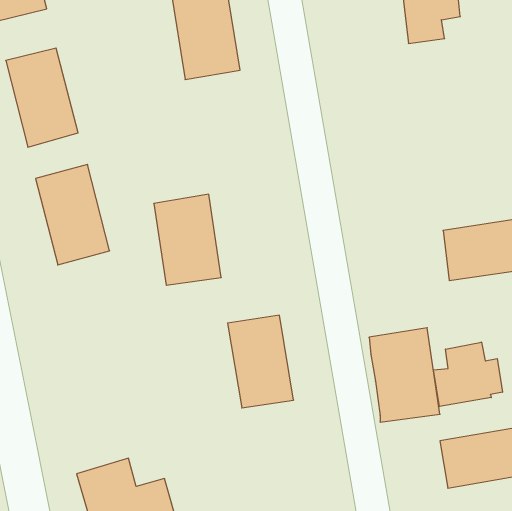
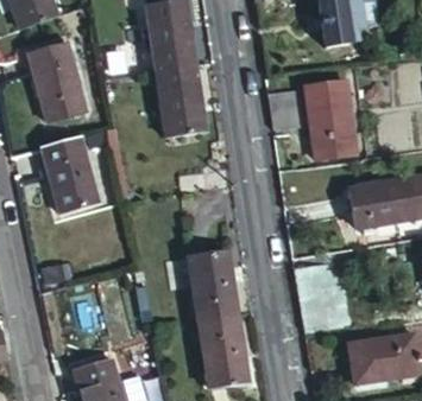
building: none -> [275,81,345,158]
building: [154,194,221,285] -> [157,65,208,134]
building: [433,342,502,407] -> none
building: none -> [200,314,251,384]

